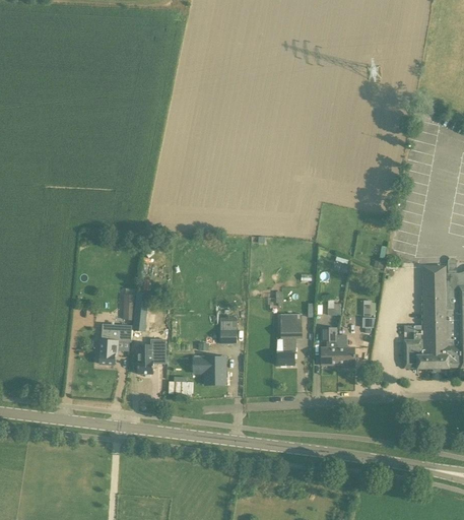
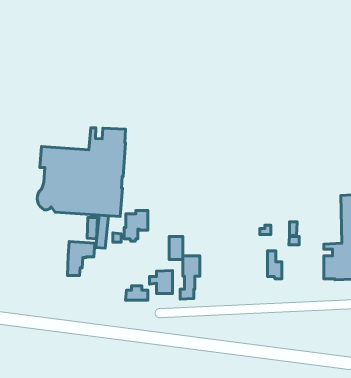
building: none -> [37,128,126,216]
building: [277,313,301,365] -> [180,256,200,299]
building: [320,326,336,364] -> none
building: [136,339,164,376] -> [124,211,148,241]

